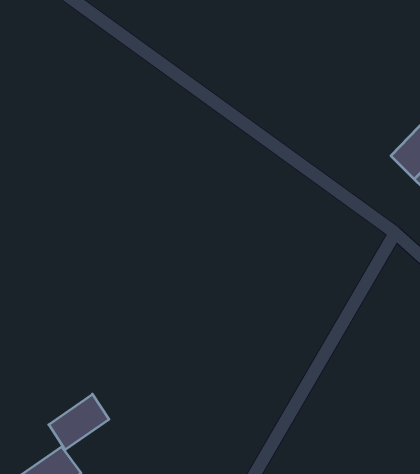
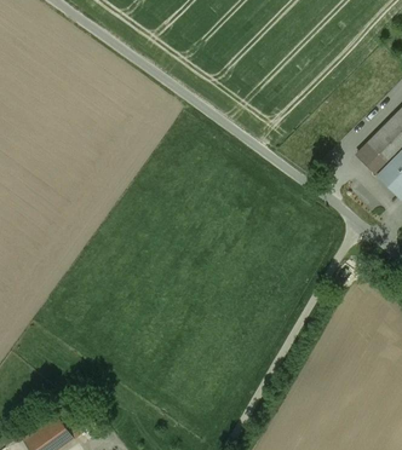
building: [49,394,109,450] -> none

